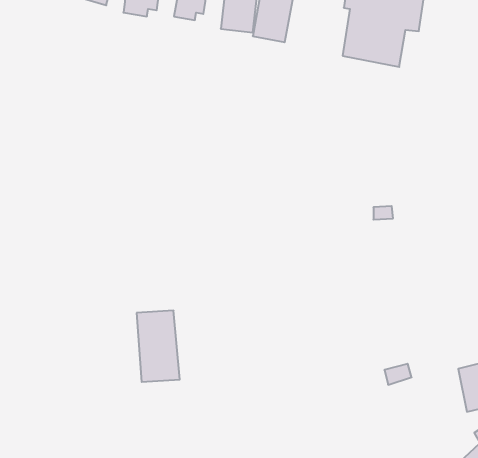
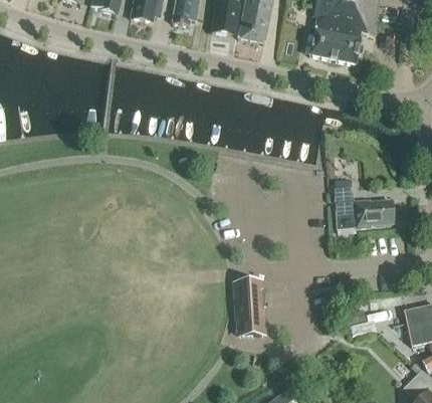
building: none -> [335,198,392,228]
building: [137,311,180,382] -> [232,278,267,337]

